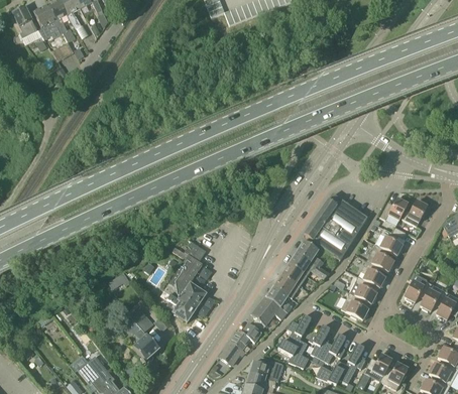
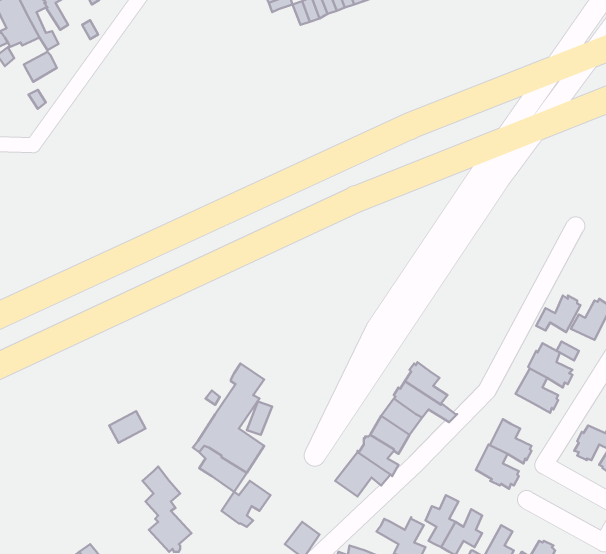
building: [304,193,368,260] -> none
building: [361,260,386,288] -> none
building: [288,314,312,347] -> none
building: [231,322,262,352] -> [221,481,270,527]

